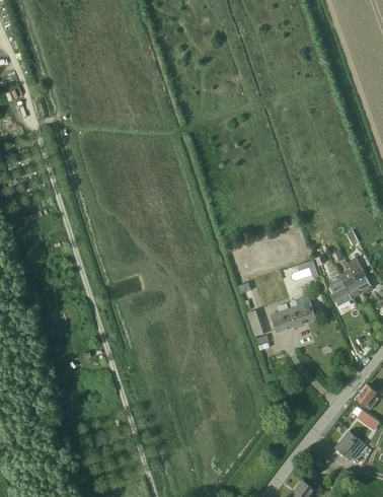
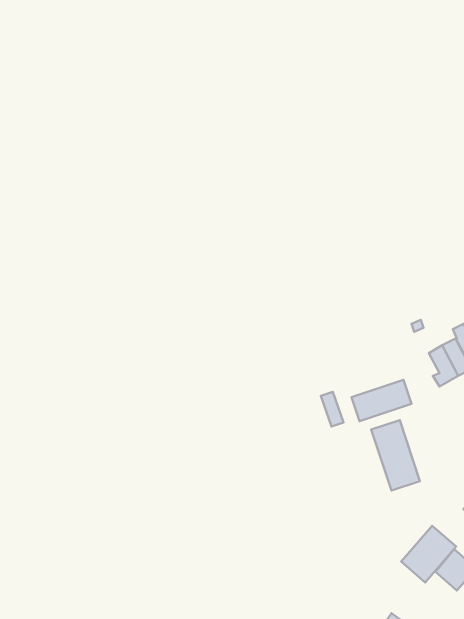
building: none -> [371,420,420,491]
building: none -> [401,526,456,582]

